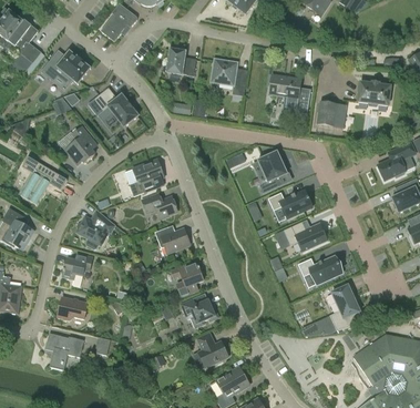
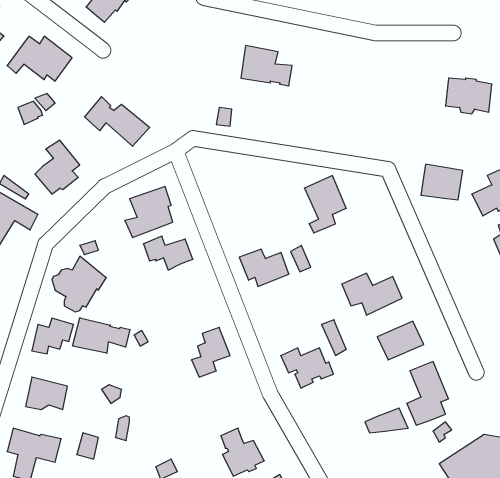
building: [167,49,196,75] -> none
building: [269,74,310,112] -> none
building: [317,101,347,126] -> [421,164,463,200]
building: [279,190,313,217] -> none
building: [154,225,189,252] -> [239,249,289,286]
building: none -> [73,318,130,353]
building: [181,298,218,327] -> [281,348,333,388]

